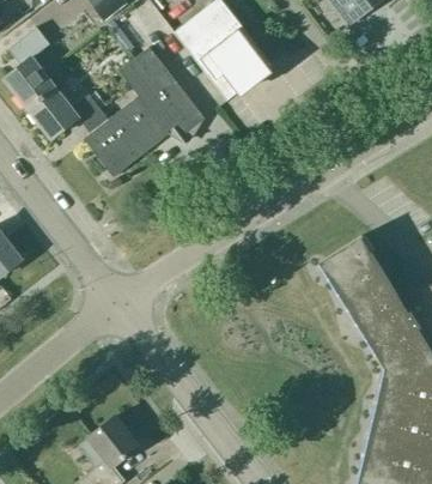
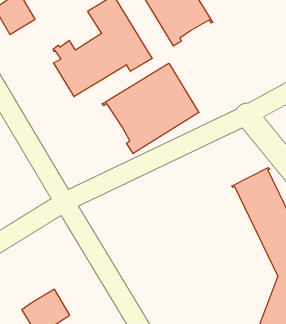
building: [25,87,99,140] -> none
building: none -> [102,63,199,154]

